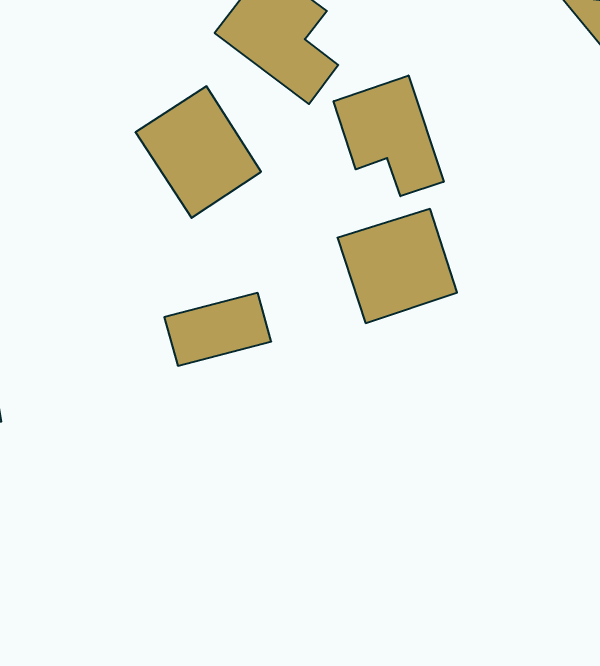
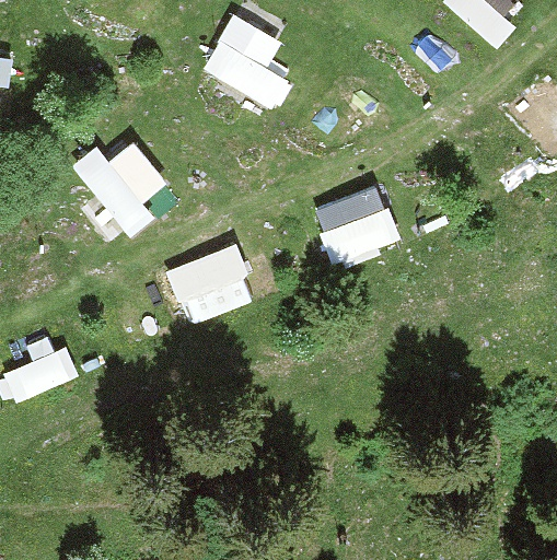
building: [334,75,444,196] -> none
building: [135,86,261,218] -> [70,129,167,229]

